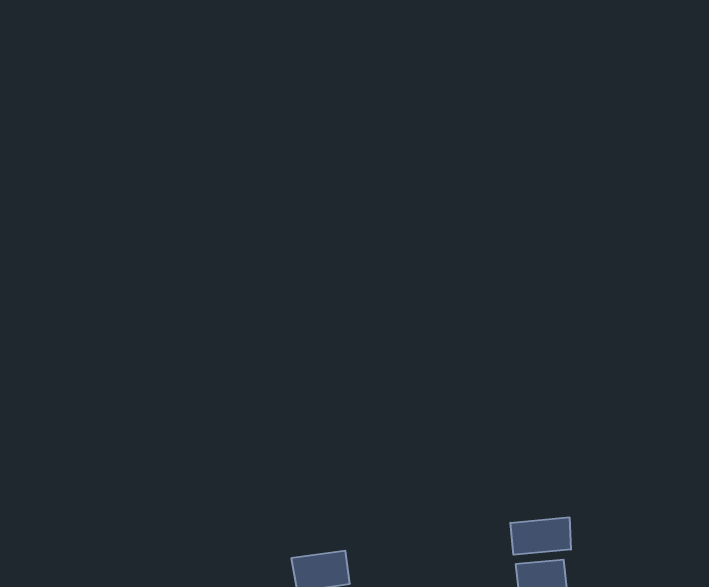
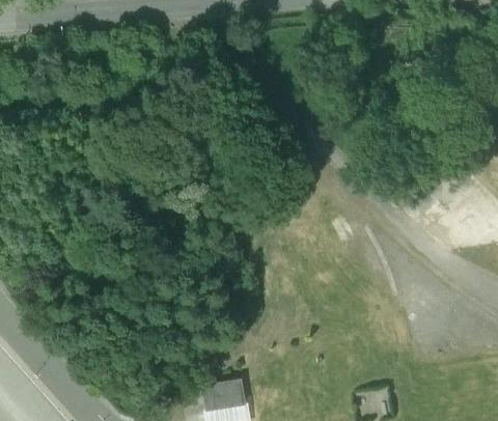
building: [510,517,571,555] -> none

